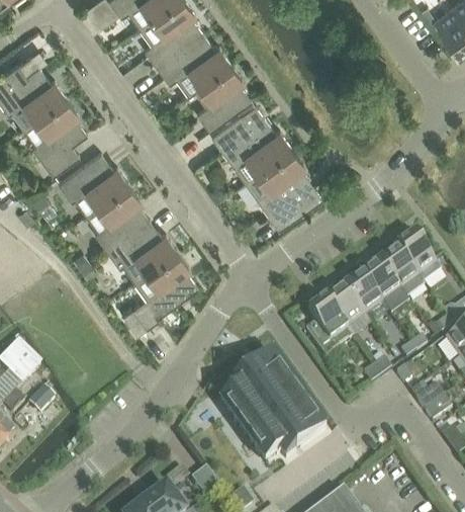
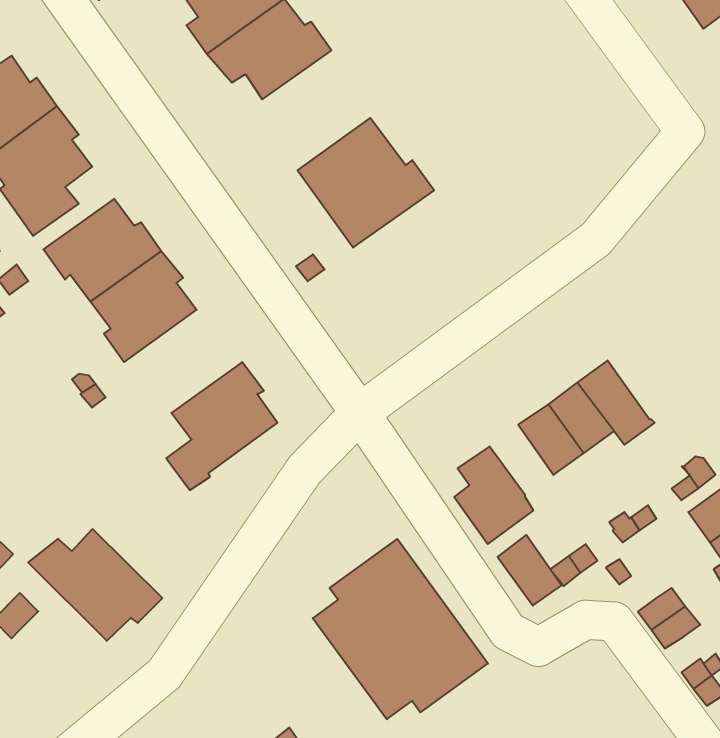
building: [179,60,251,126] -> none
building: [243,144,320,226] -> none
building: [105,216,176,277] -> none
building: [395,234,439,281] -> none
building: [324,284,363,327] -> [498,535,562,606]
building: none -> [28,529,162,641]

